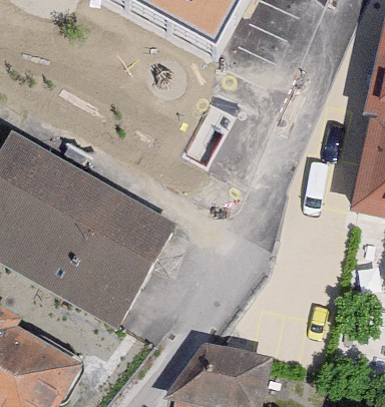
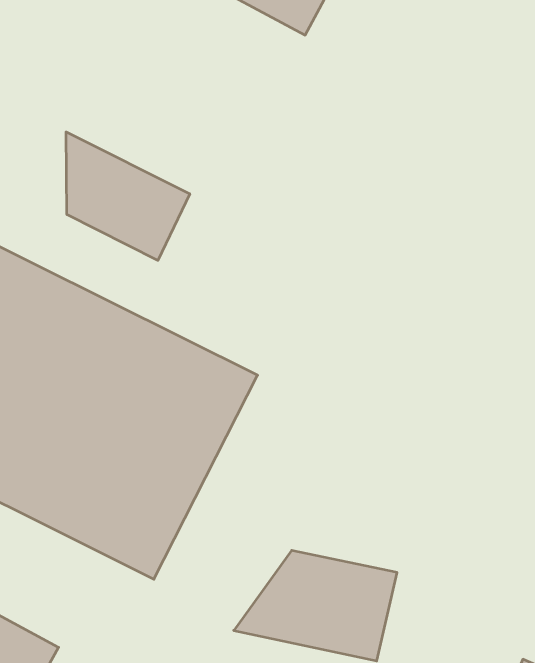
building: none -> [66,132,190,260]

